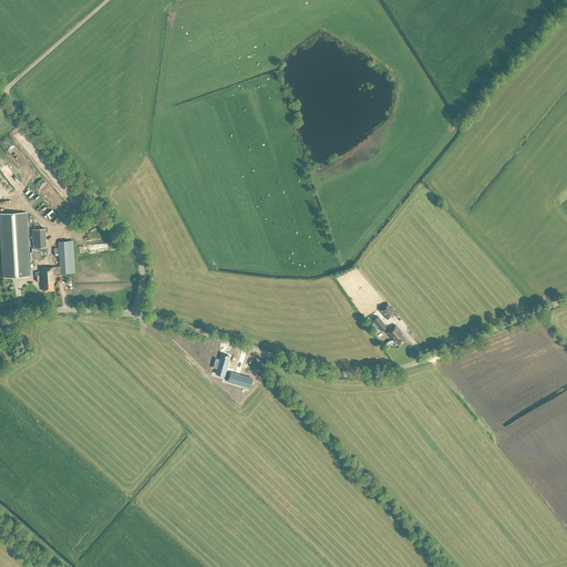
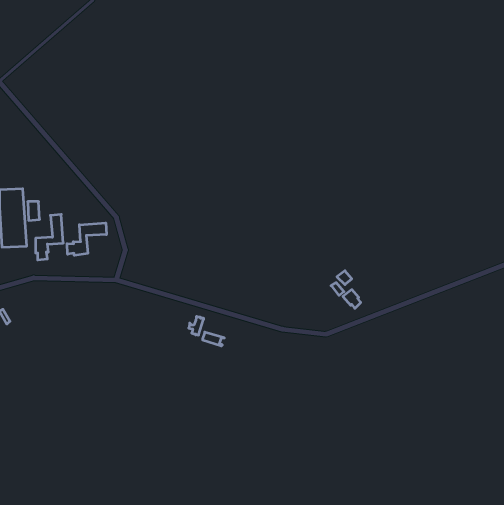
building: none -> [67,223,106,255]

